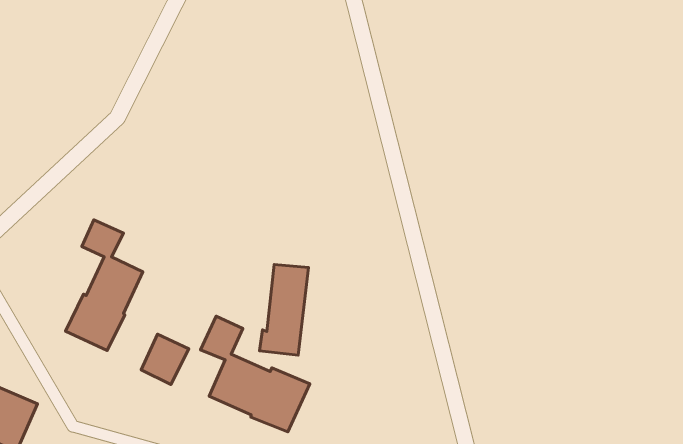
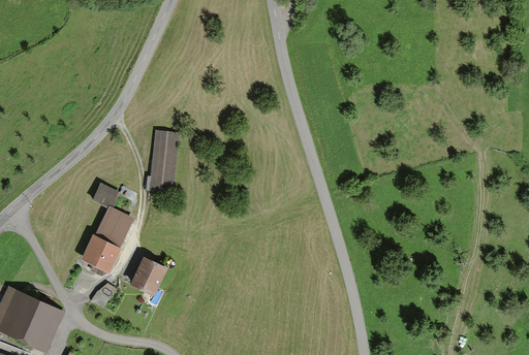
building: [259,265,308,355] -> [145,129,179,192]
building: [200,316,310,432] -> none

